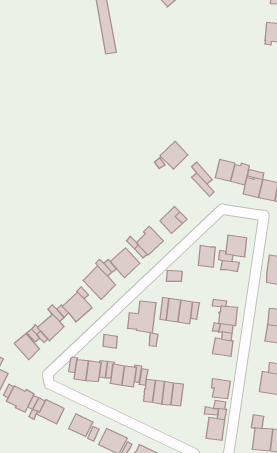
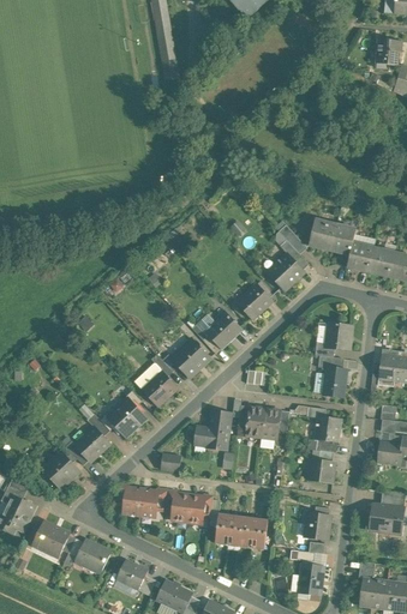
building: [160,141,188,169] -> [267,253,304,290]
building: [198,245,215,267] -> [323,367,346,396]

